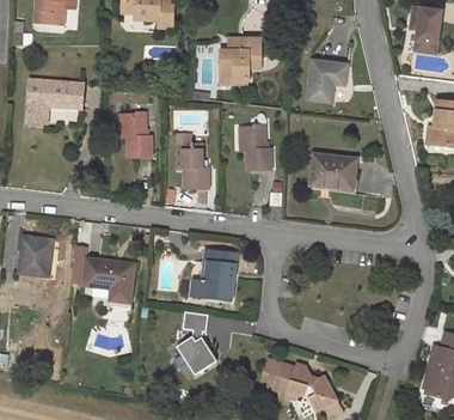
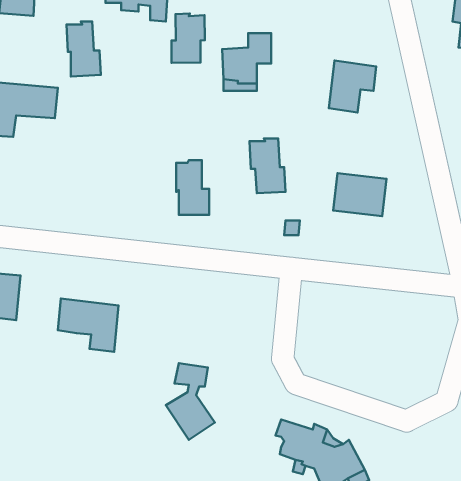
building: none -> [171,13,205,63]
building: [123,111,152,157] -> [66,22,101,76]
building: [191,250,235,299] -> none

